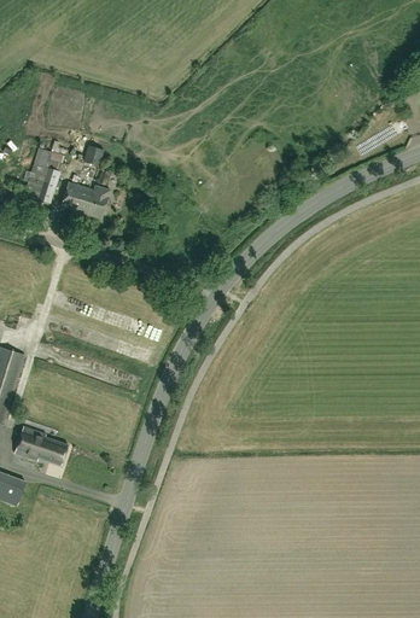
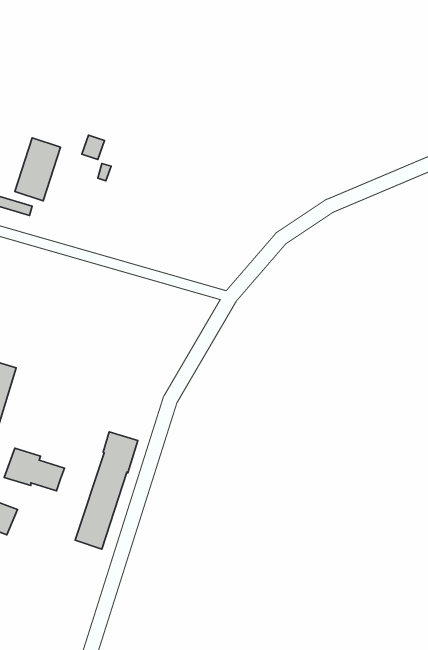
building: [60,181,110,218] -> none
building: none -> [75,432,138,549]

